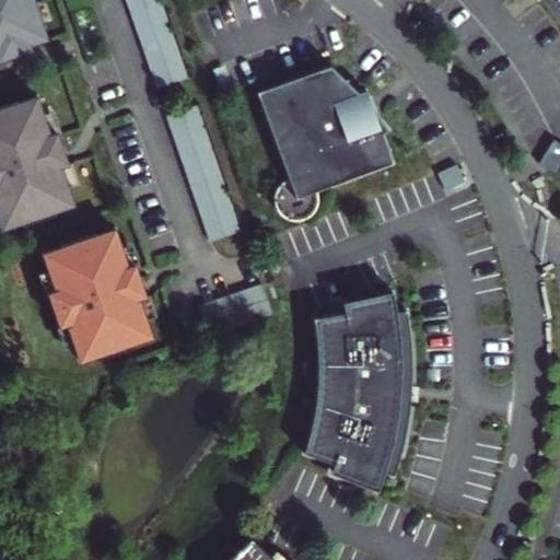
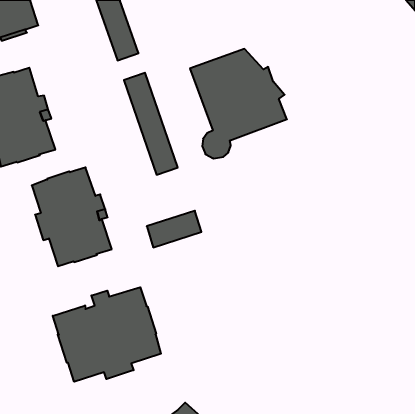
building: [304,295,412,495] -> none
building: none -> [53,287,161,382]

